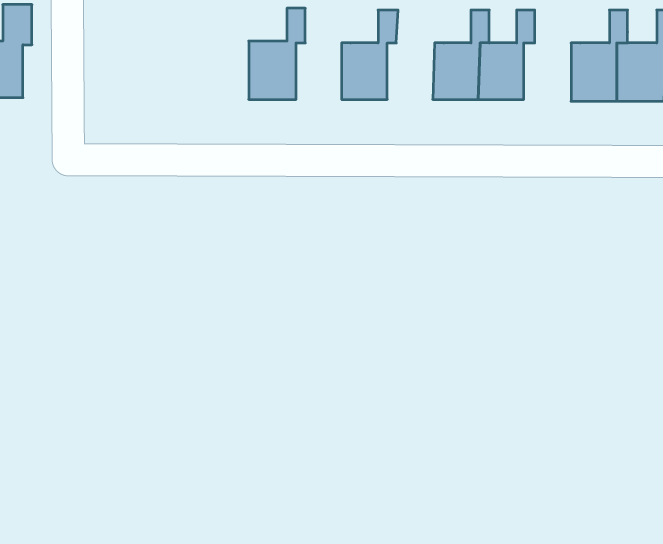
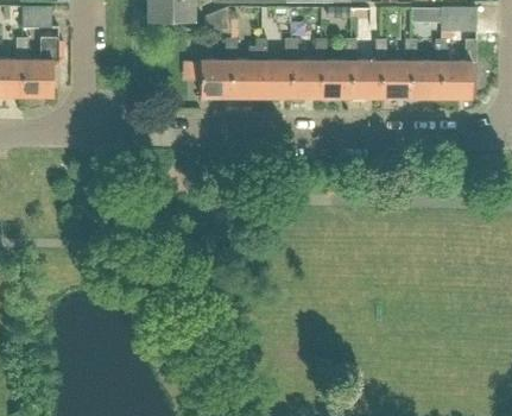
building: none -> [232,38,267,97]
building: none -> [291,39,328,97]
building: none -> [380,39,418,99]

